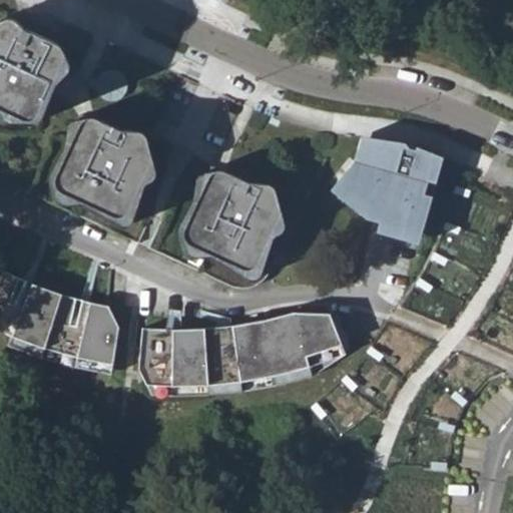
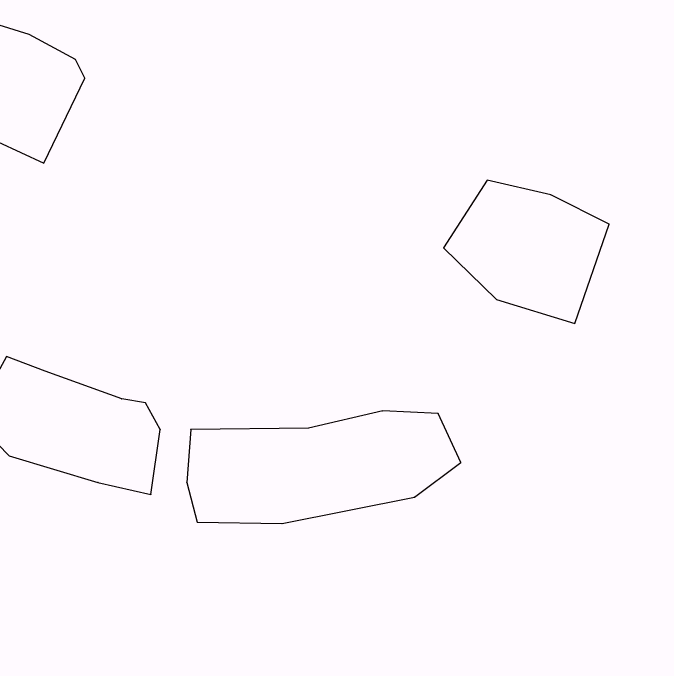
building: [53,117,149,218] -> none
building: [182,168,281,271] -> none

